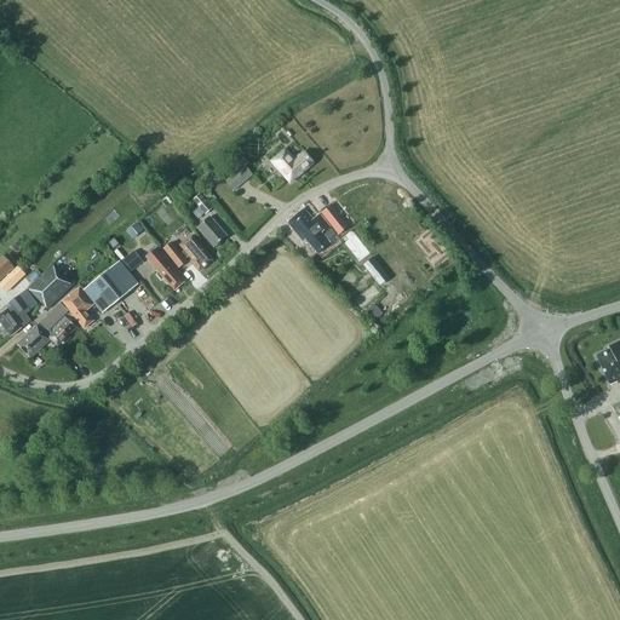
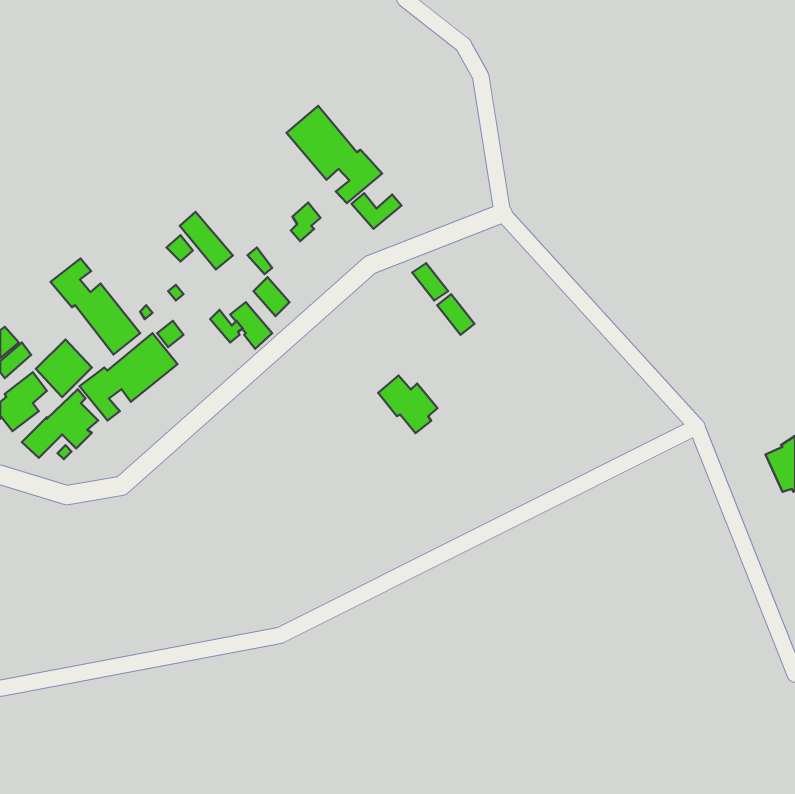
building: none -> [286,106,382,203]
building: none -> [51,259,140,354]
building: [287,208,333,253] -> [378,376,437,433]
building: [145,245,186,289] -> [180,212,233,269]

